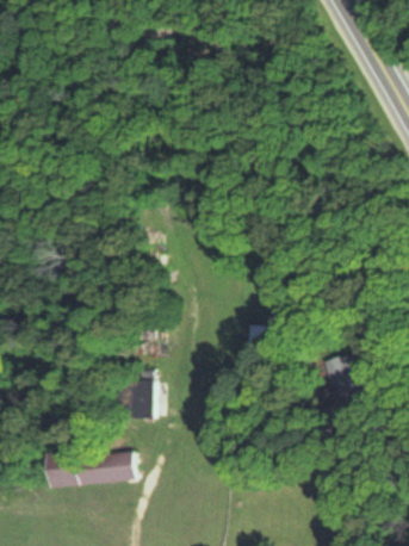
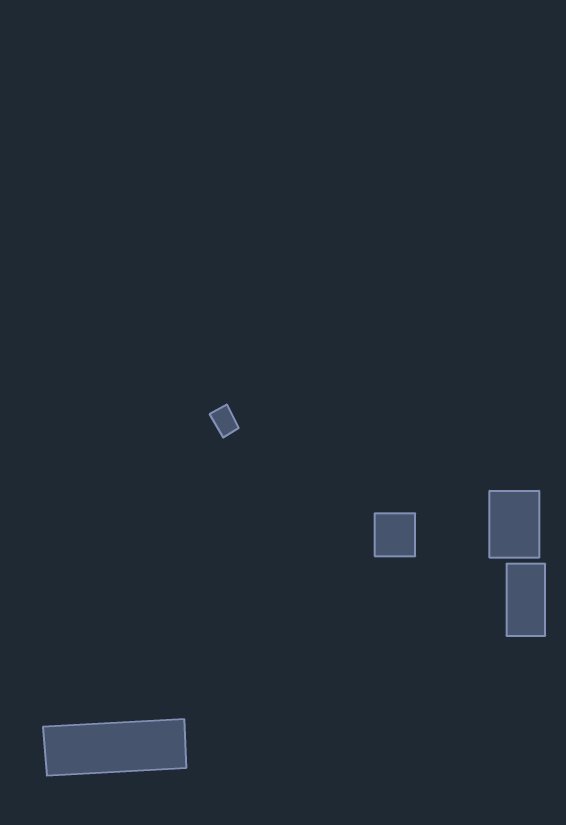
building: none -> [490,491,539,558]
building: [119,379,153,416] -> none

